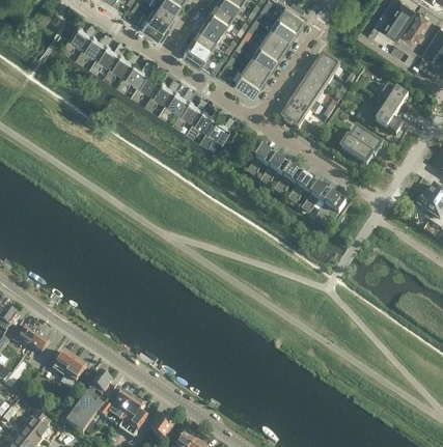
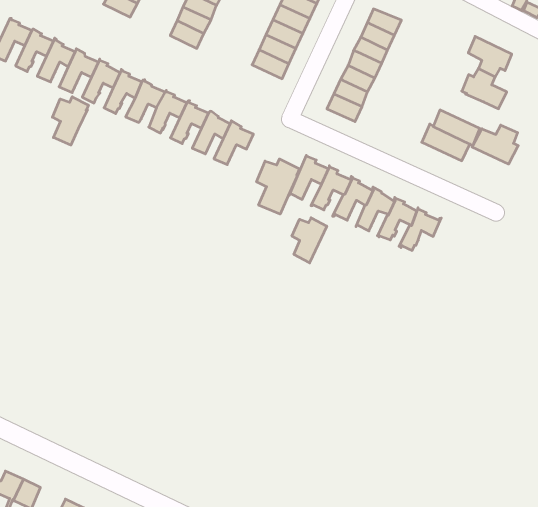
building: none -> [52,97,88,145]
building: none -> [257,159,299,214]
building: none -> [472,125,518,164]
building: none -> [292,218,327,263]

